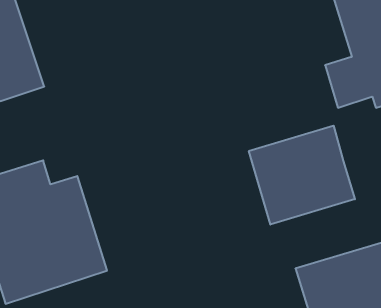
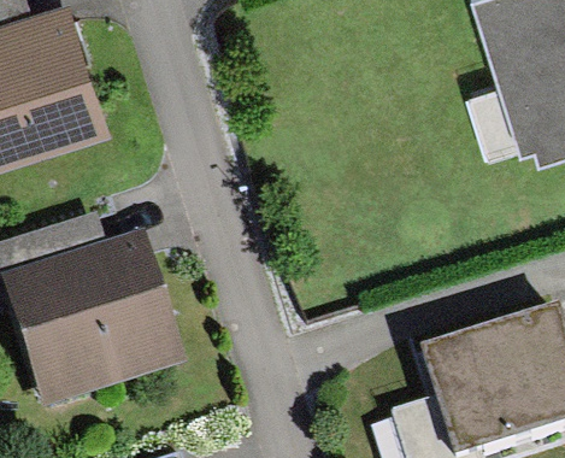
building: [249,126,355,225] -> none

